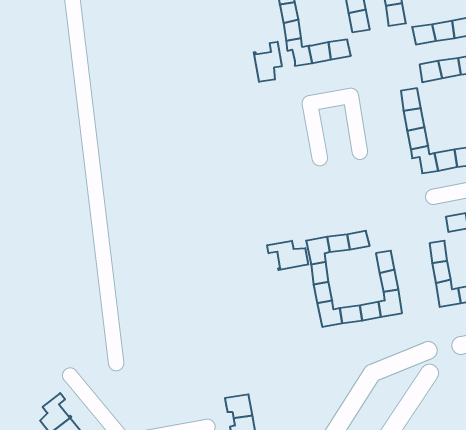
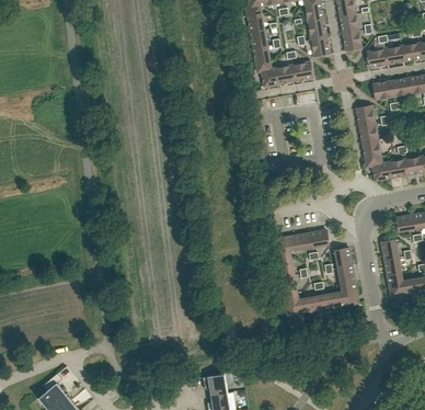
building: [254,42,282,82] -> none
building: [267,241,308,270] -> none

